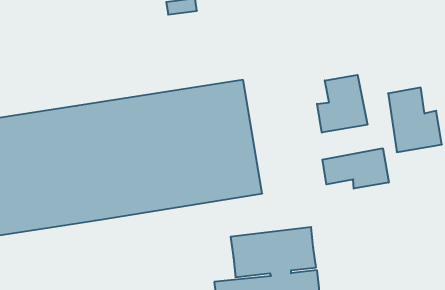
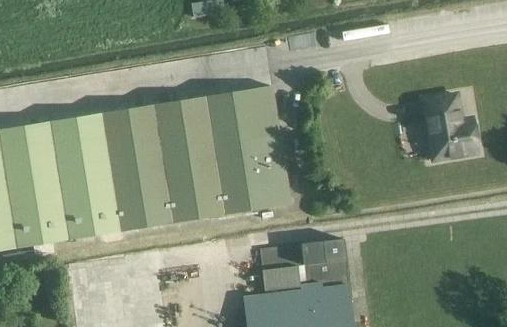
building: [317,75,367,133] -> none
building: [322,148,389,189] -> none

